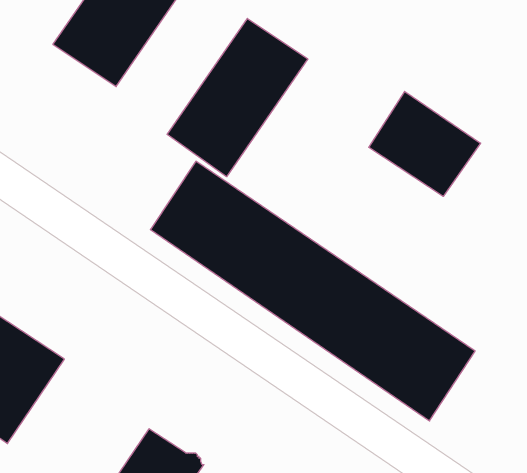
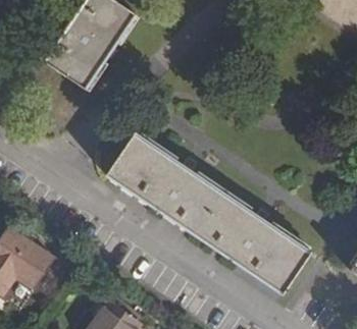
building: [167,18,308,177] -> none
building: [369,91,481,196] -> none

